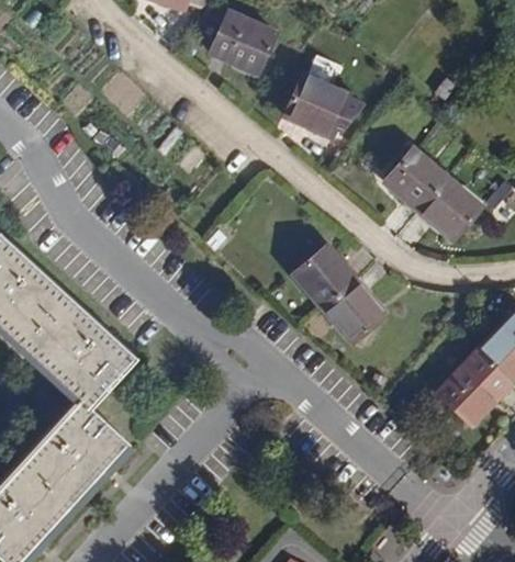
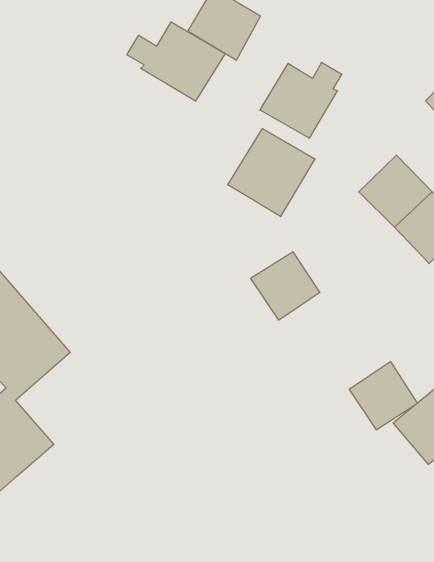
building: none -> [127,22,225,101]
building: none -> [228,129,315,217]
building: [322,279,385,342] -> [349,362,418,430]

